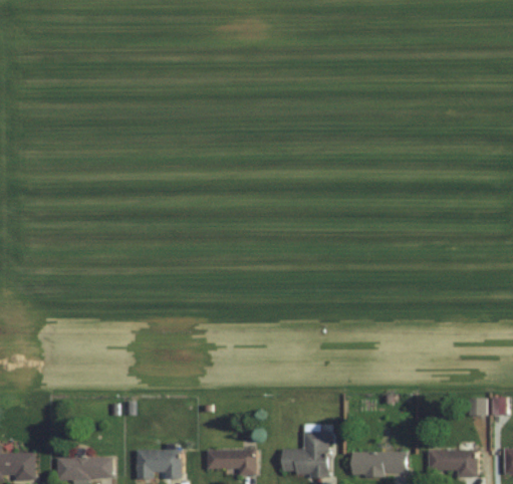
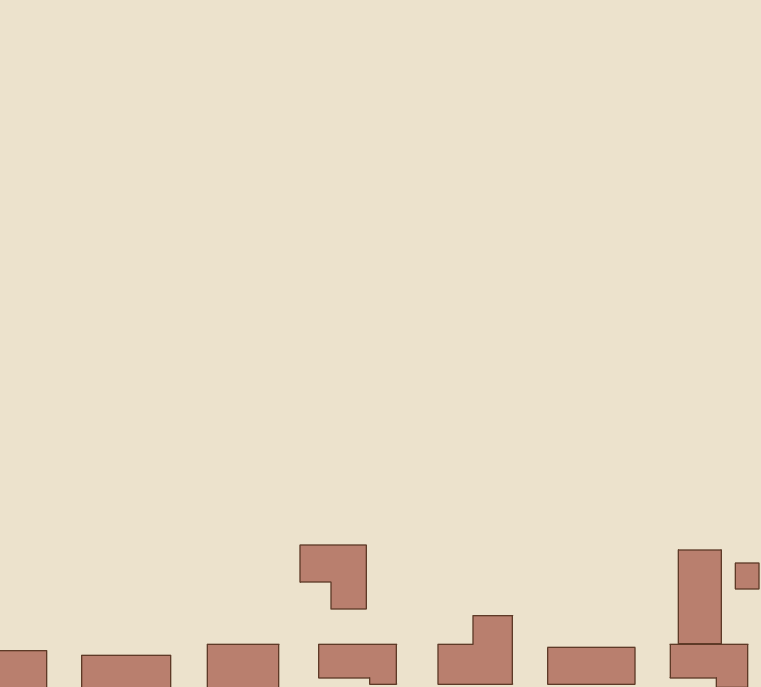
building: none -> [300,545,366,609]
building: none -> [679,550,721,644]

